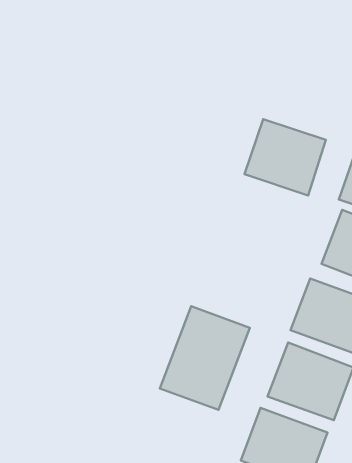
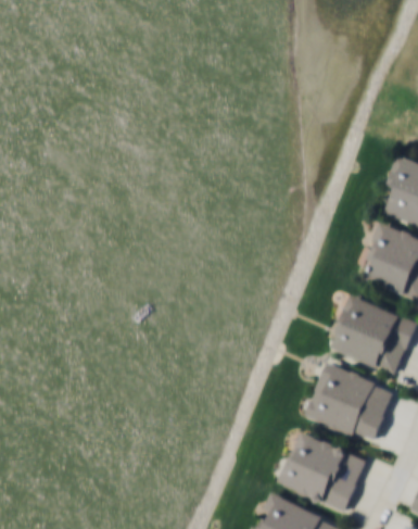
building: [244,119,326,195] -> none
building: [160,306,250,410] -> none

